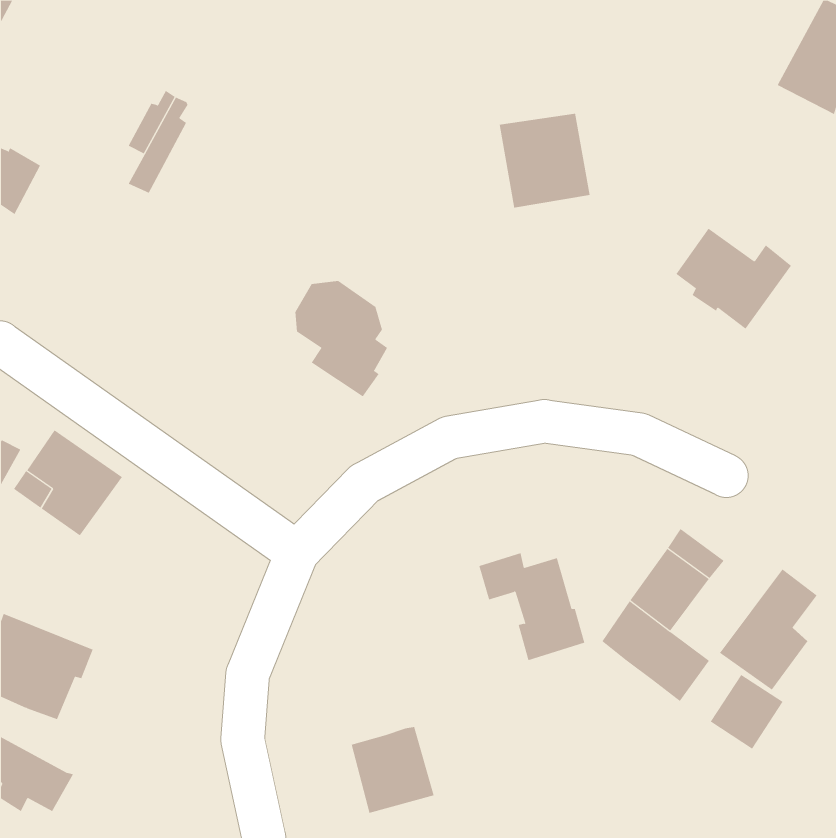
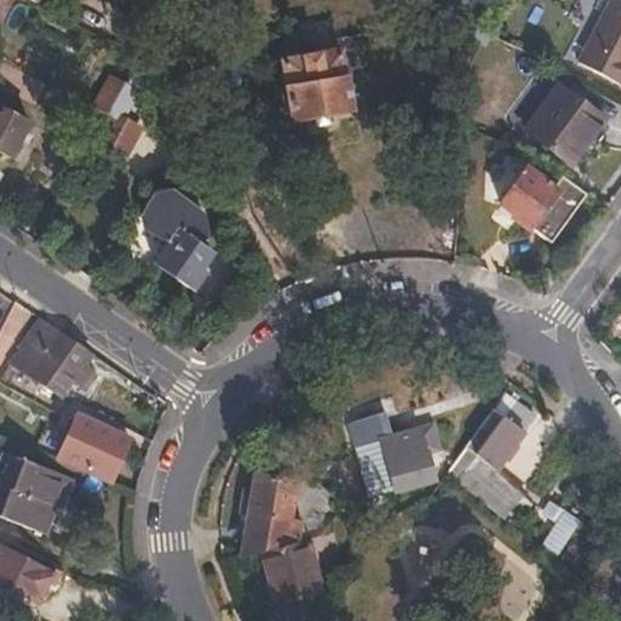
building: none -> [528,84,603,161]
building: [499,113,591,208] -> [286,51,354,121]
building: [294,281,388,397] -> [144,204,213,290]
building: none -> [59,416,131,480]
building: [719,569,817,690] -> none
building: none -> [240,472,303,554]

